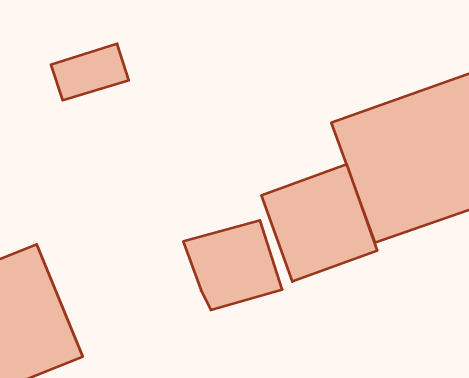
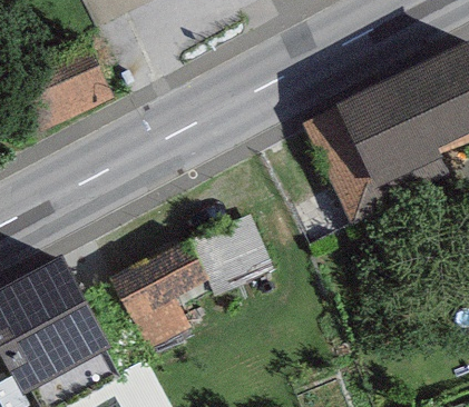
building: [262,164,377,282] -> none
building: none -> [110,238,206,348]

